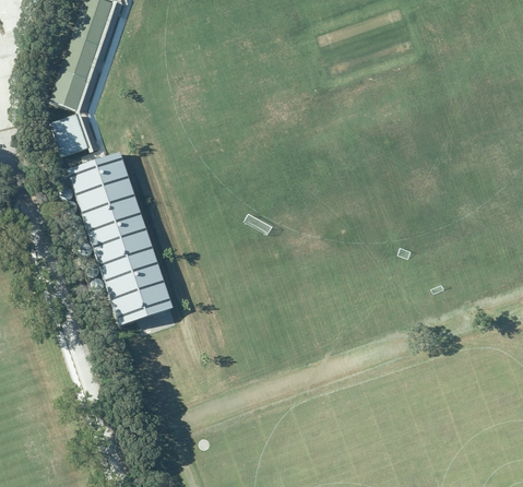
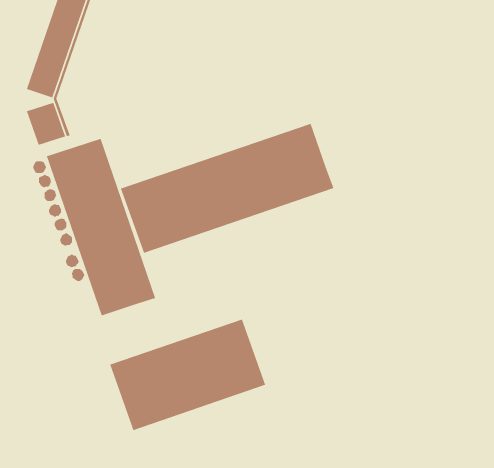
building: none -> [120,123,335,254]
building: none -> [109,318,266,431]

